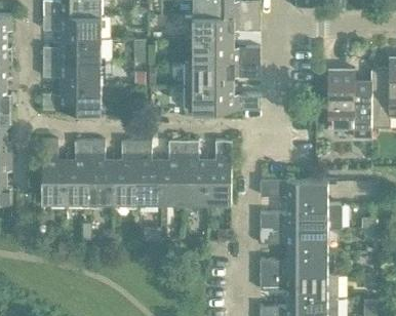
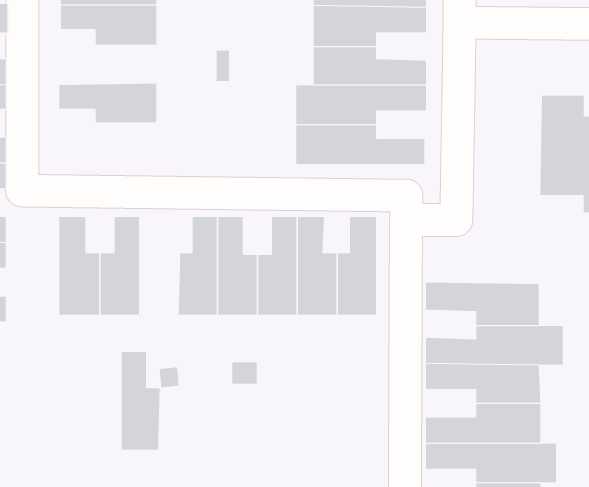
building: [41,39,100,63] -> none
building: [41,85,100,110] -> none
building: [89,141,113,199] -> [121,351,161,450]

